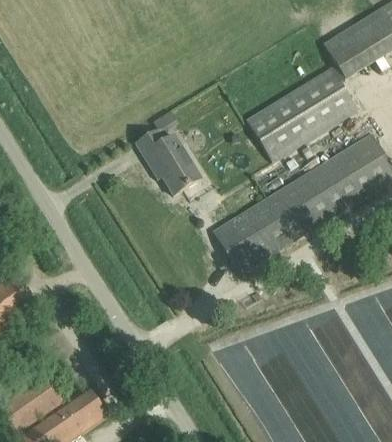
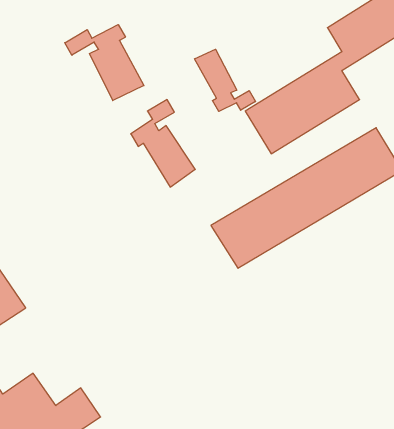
building: none -> [65,25,144,101]
building: none -> [195,49,256,111]

